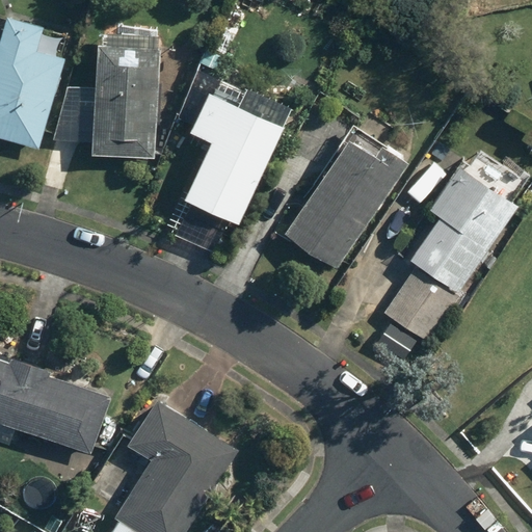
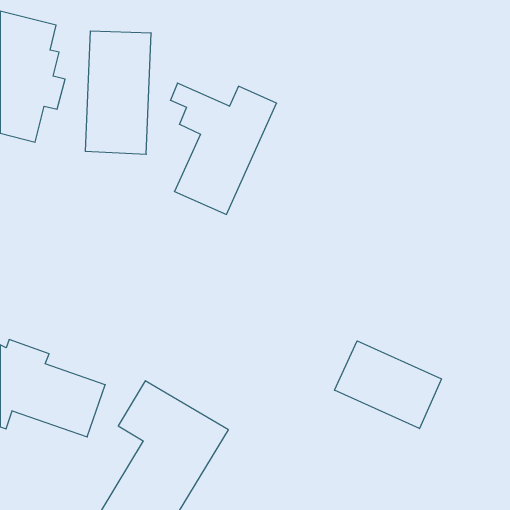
building: [285,126,408,270] -> none
building: [384,165,515,351] -> none
building: none -> [335,341,441,429]

